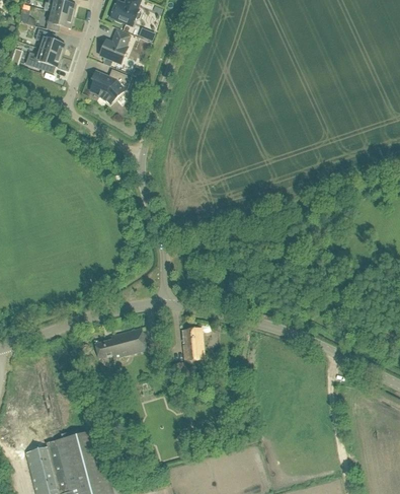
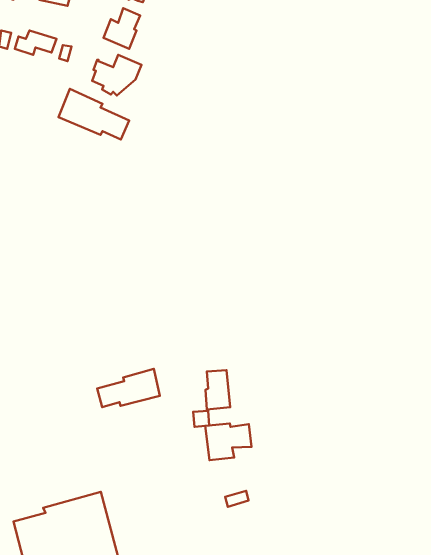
building: [33,29,64,56] -> none
building: none -> [59,89,129,140]
building: none -> [205,423,252,460]

